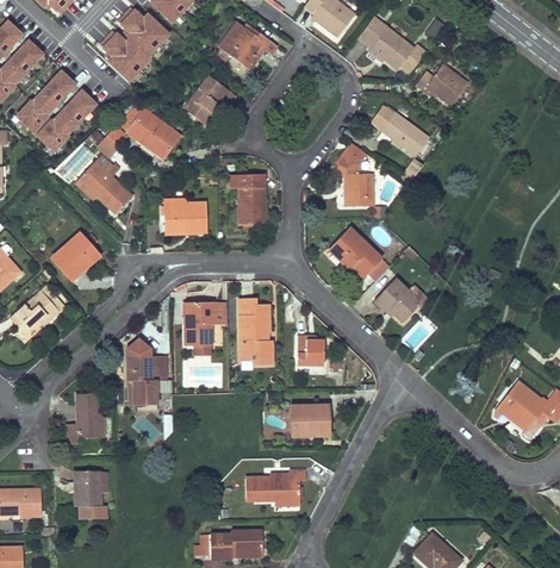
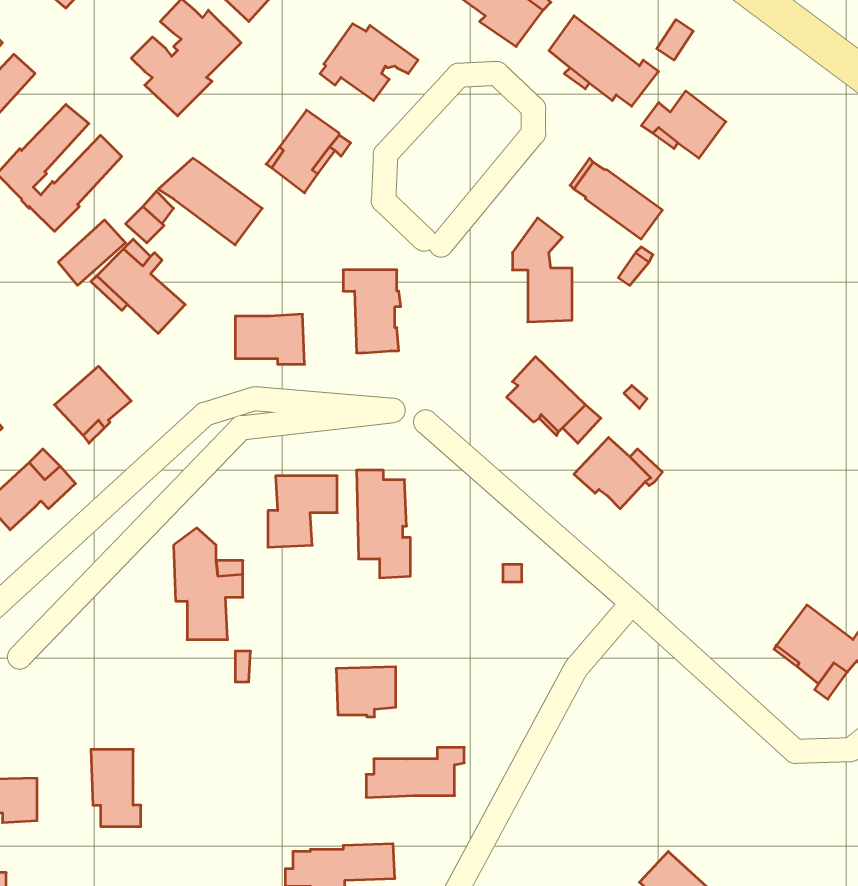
building: [297,336,324,366] -> none
building: [67,394,101,444] -> none
building: [292,406,329,437] -> [336,667,396,717]

